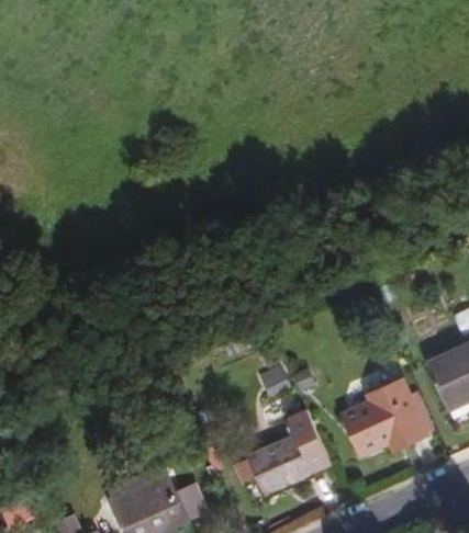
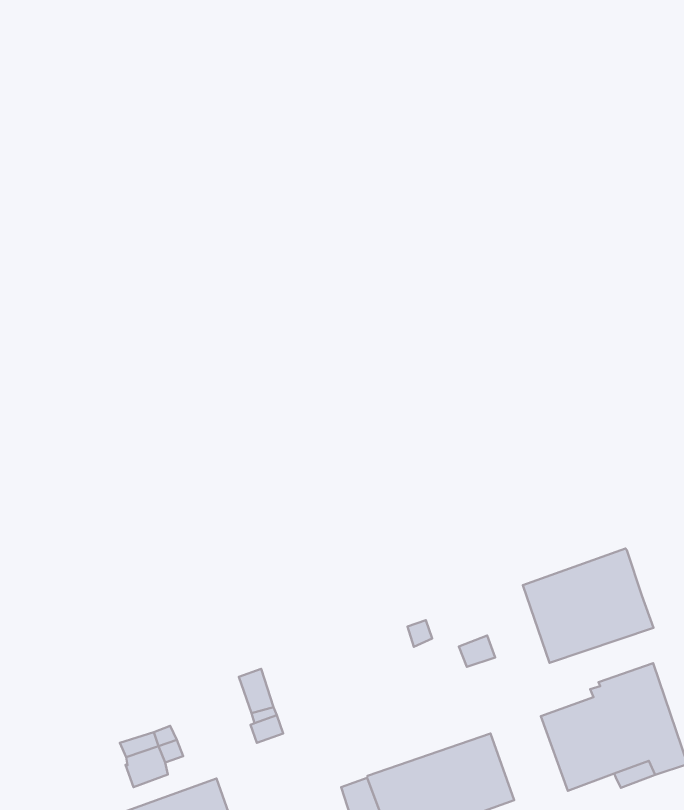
building: none -> [523,549,653,663]

